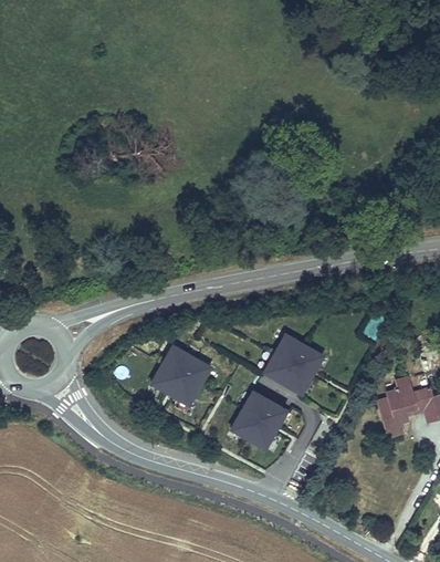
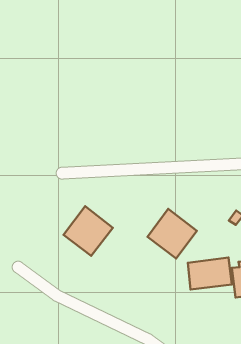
building: none -> [188,258,232,289]
building: [228,392,287,452] -> none

